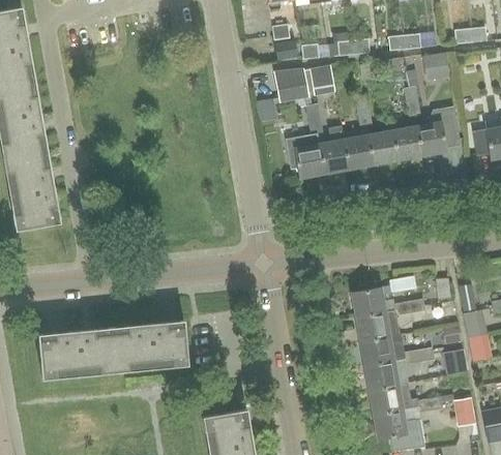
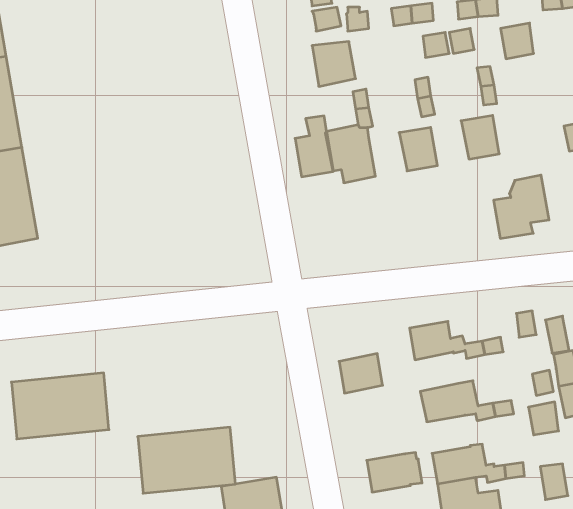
building: [310,65,335,96] -> none
building: [416,107,460,156] -> [494,175,549,238]
building: [319,126,349,174] -> [295,116,333,177]
building: [367,130,397,165] -> none
building: [355,311,389,342] -> [339,354,383,393]
building: [111,321,187,372] -> [138,427,235,493]
building: [364,360,408,391] -> [367,453,422,492]

